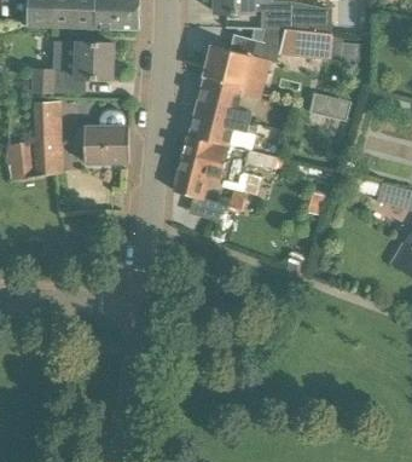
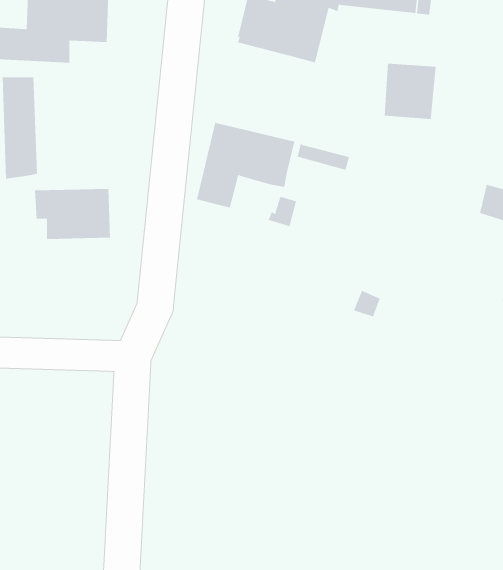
building: [188,79,250,149] -> none
building: [75,126,129,162] -> [34,188,111,240]

